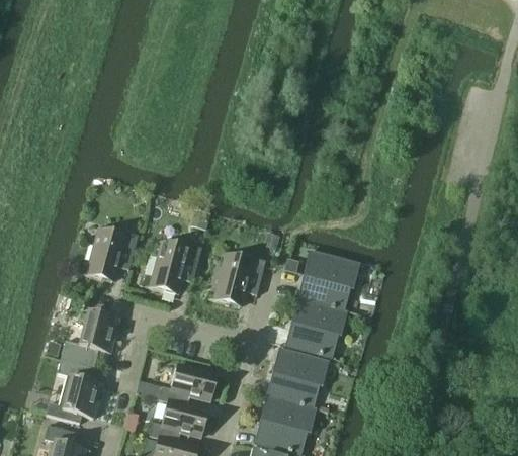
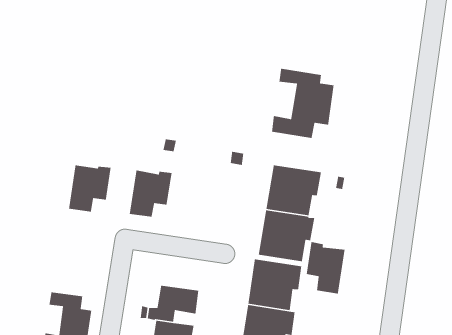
building: none -> [271,68,335,139]
building: [215,253,266,305] -> none
building: [61,310,119,367] -> none
building: none -> [306,241,346,295]

